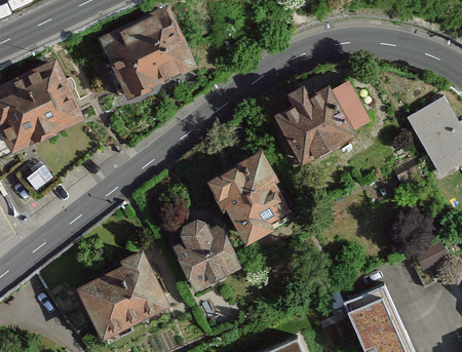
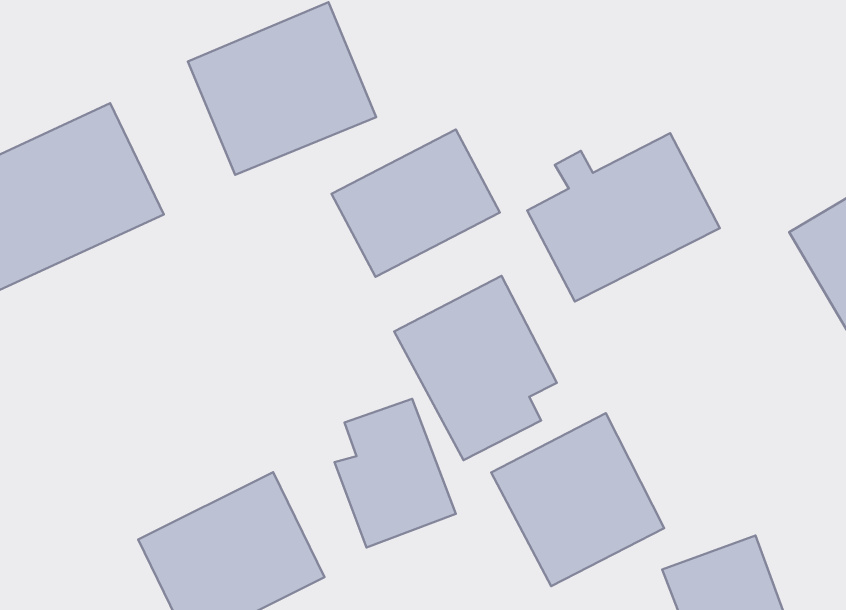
building: none -> [331,129,500,277]
building: none -> [491,413,664,586]

